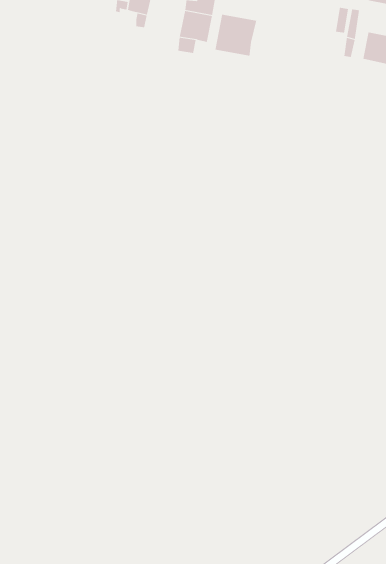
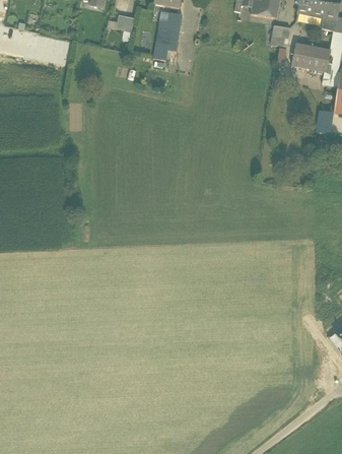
building: [215,14,257,57] -> none

